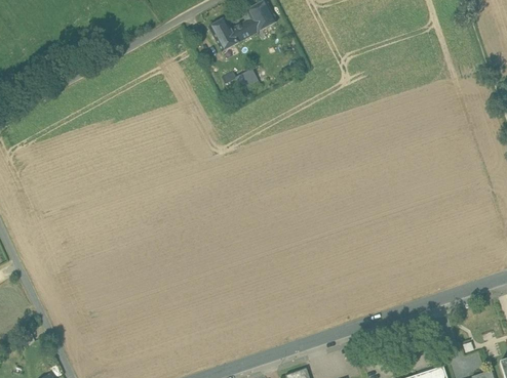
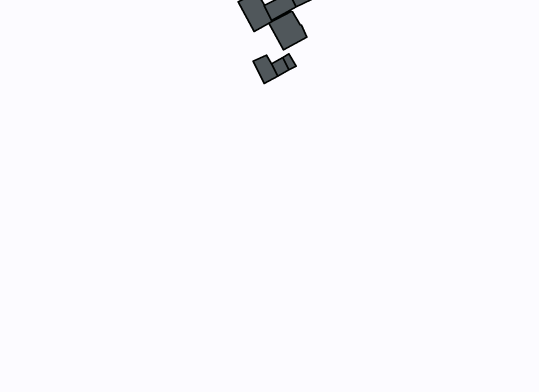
building: none -> [269,11,307,50]

